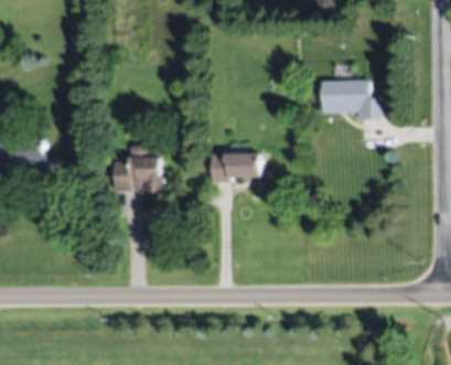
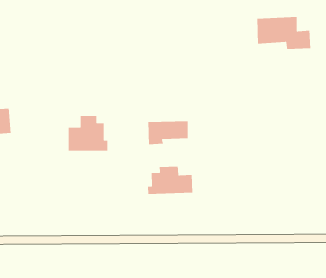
building: [322,79,388,120] -> [256,16,311,50]
building: none -> [147,166,193,195]

